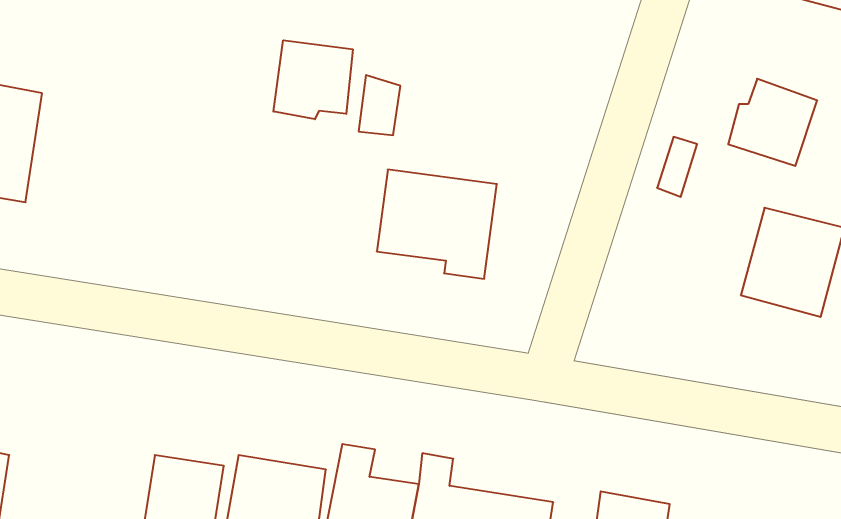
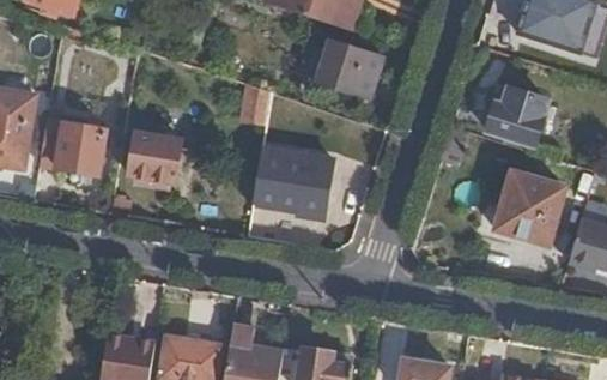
building: none -> [316,41,383,99]
building: [273,40,353,119] -> none
building: none -> [42,120,107,175]
building: none -> [132,134,181,182]

